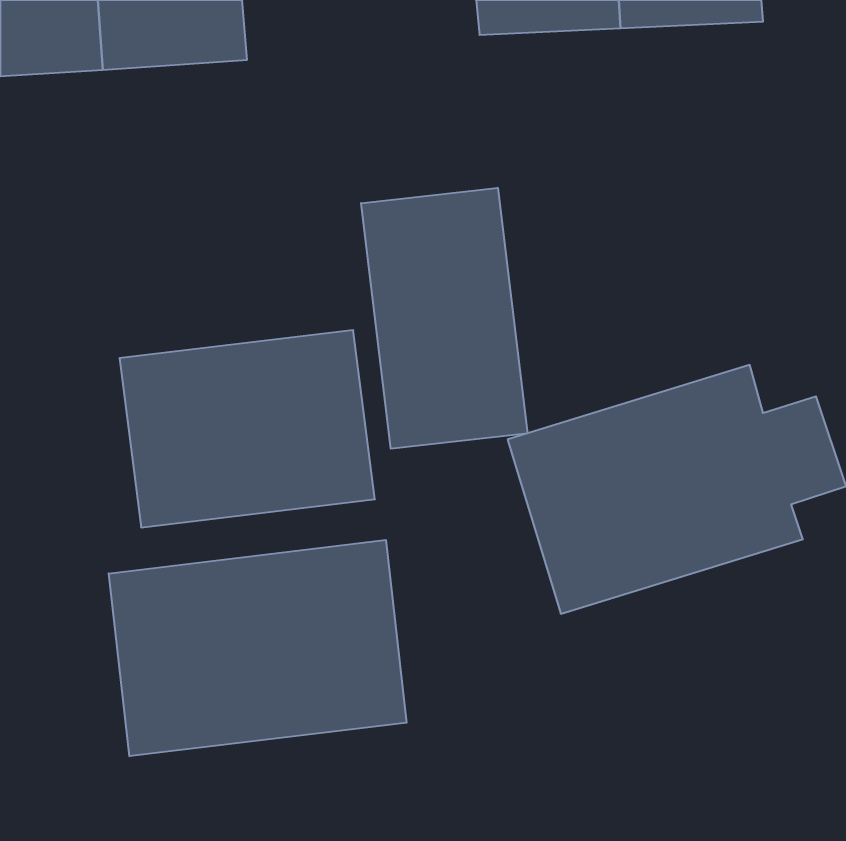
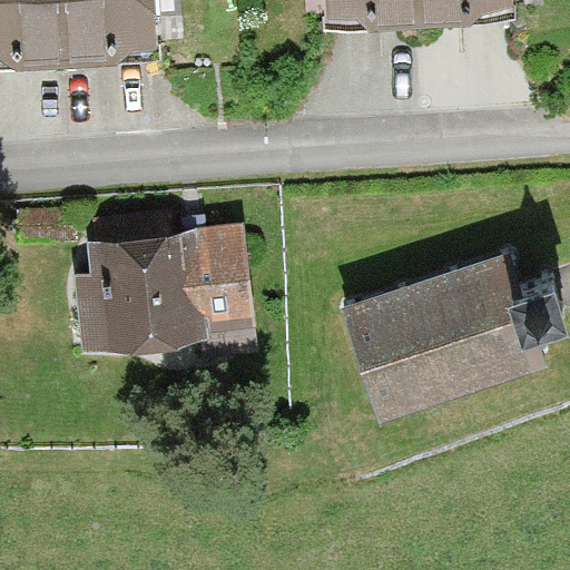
building: [361,188,527,449] -> none
building: [109,540,407,756] -> none

